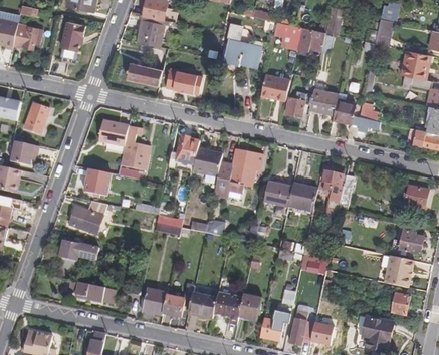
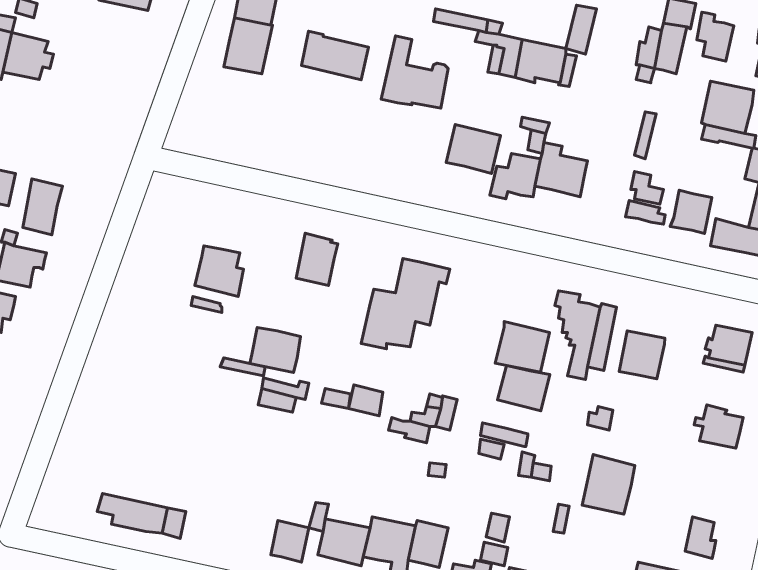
building: none -> [697,12,734,61]
building: [61,23,86,52] -> none
building: [126,63,161,86] -> none
building: [166,67,203,94] -> [301,31,368,80]
building: [332,99,355,123] -> [670,190,712,234]
building: [98,120,128,147] -> none
building: [193,148,221,173] -> [250,327,301,373]
building: [84,168,115,197] -> none
building: [262,182,291,207] -> [497,366,550,411]
building: none -> [619,331,665,379]
building: [68,202,105,236] -> none
building: [56,241,97,274] -> none
building: [386,255,415,288] -> [582,455,635,514]
building: [143,288,167,315] -> none

